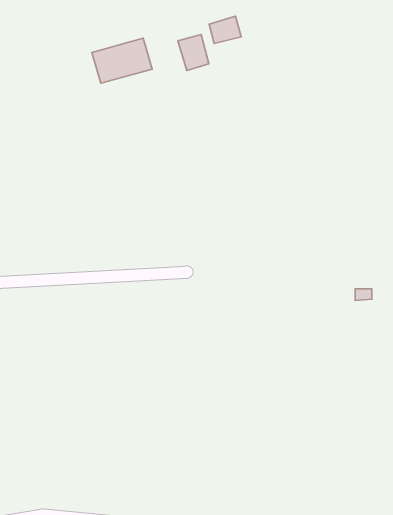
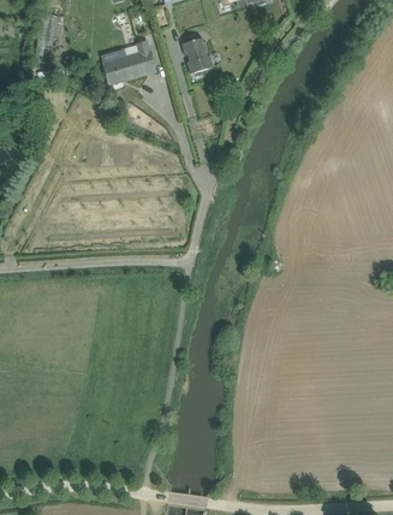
building: [209,16,241,44] -> none

